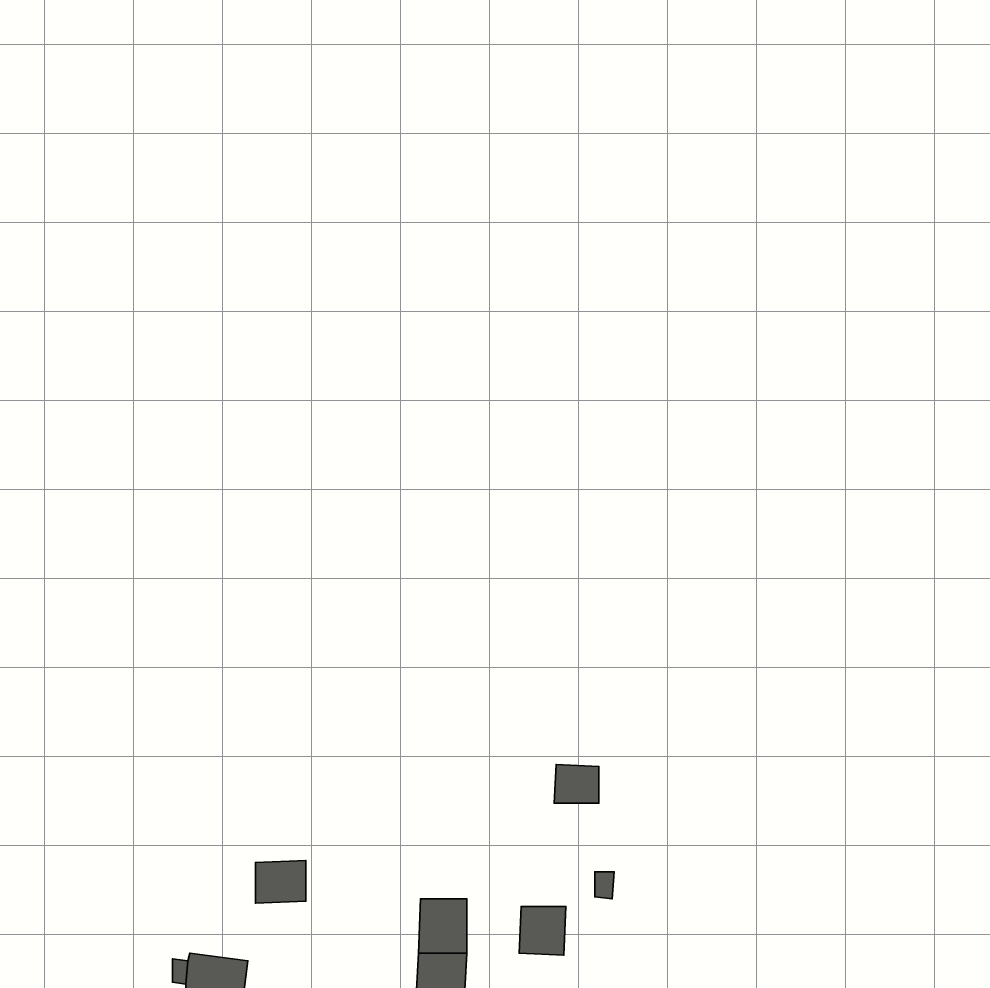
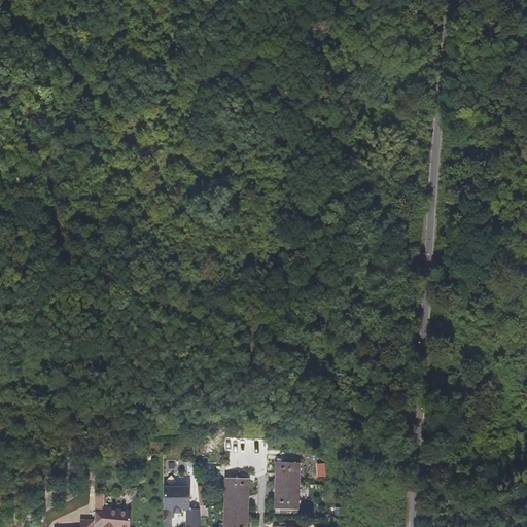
building: [554,765,599,803] -> [277,462,301,483]
building: [256,861,306,903] -> [163,486,189,508]

